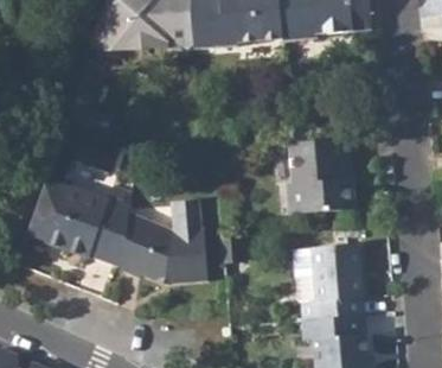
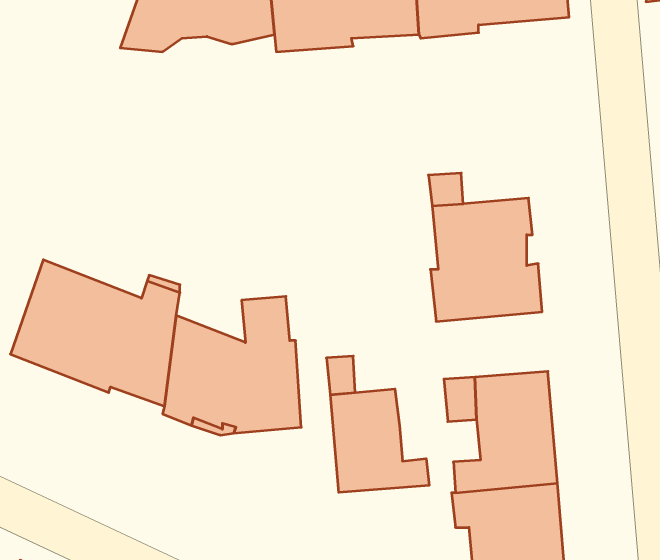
building: none -> [330,389,429,492]

